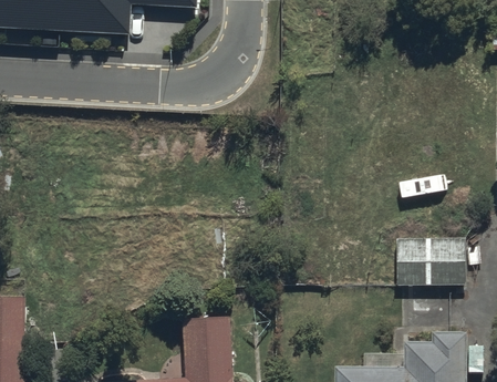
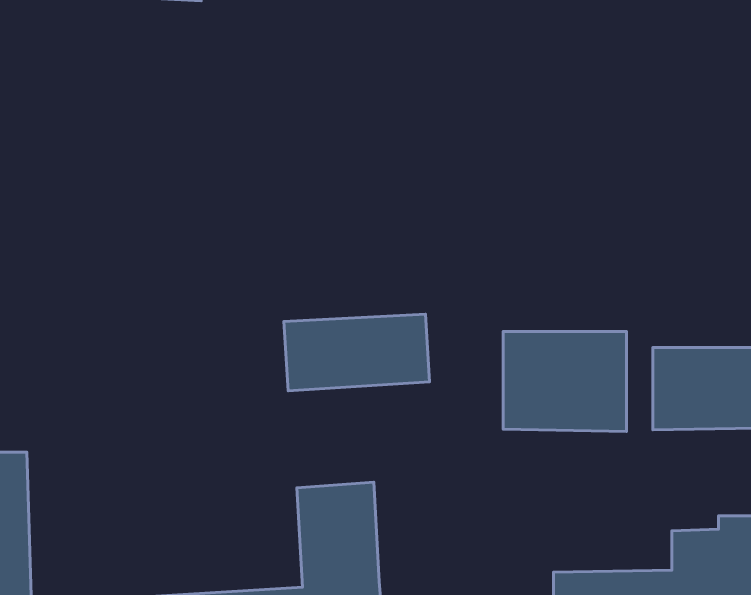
building: none -> [284,314,430,391]
building: none -> [503,331,627,432]

